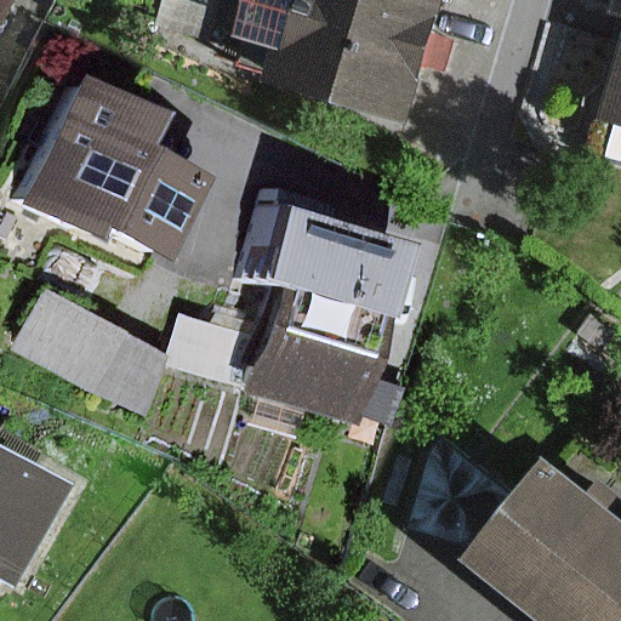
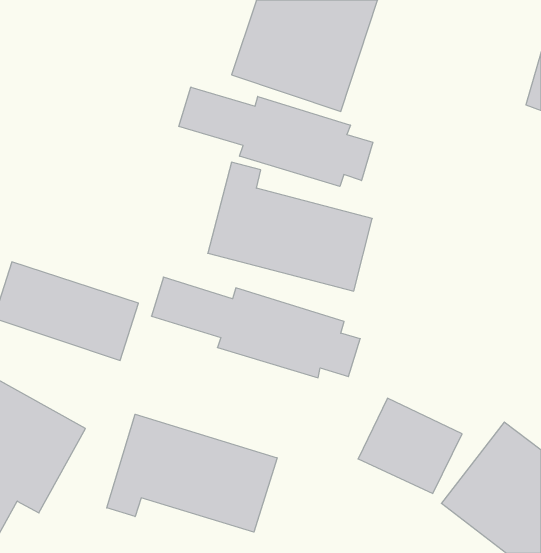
building: [29,75,215,268] -> none
building: none -> [179,87,373,186]
building: none -> [107,414,277,532]

